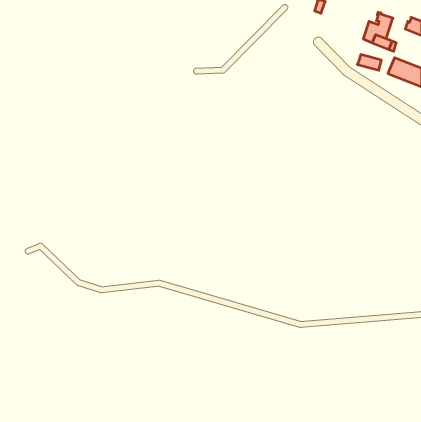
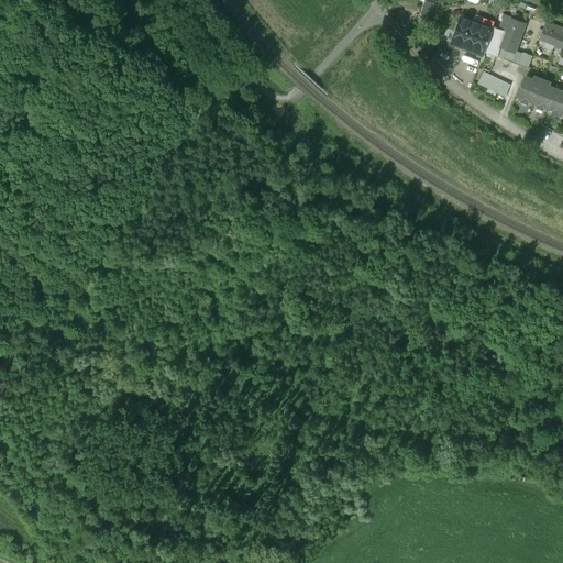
building: none -> [452,18,493,56]

